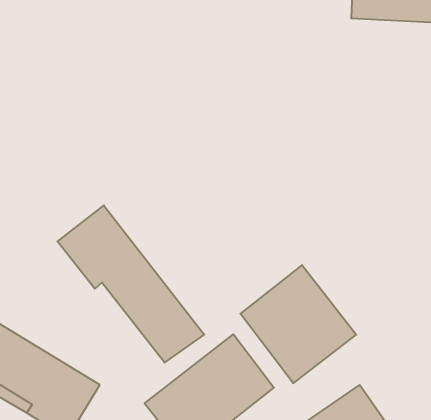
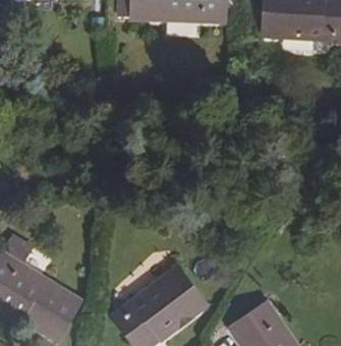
building: [57,205,204,363] -> none
building: [240,265,356,383] -> none

